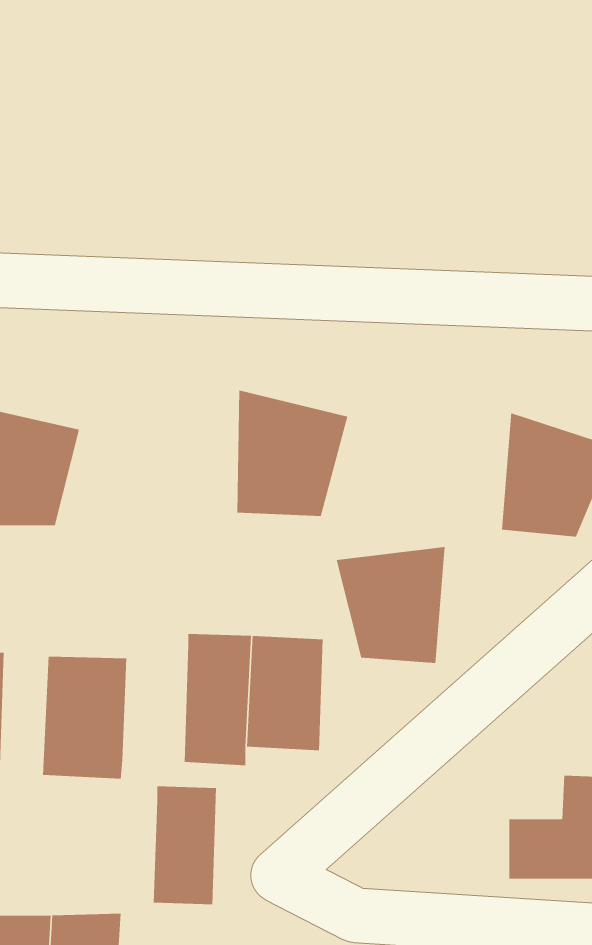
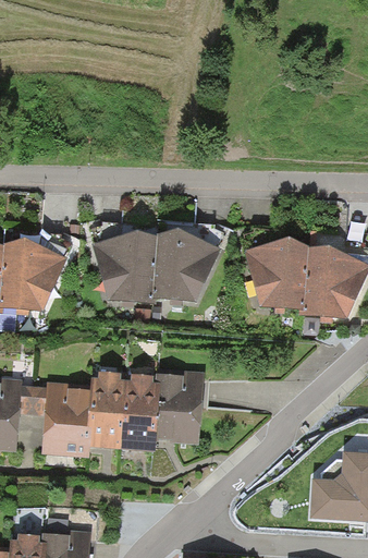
building: none -> [91,230,156,301]
building: [336,547,445,664] -> [249,243,312,311]
building: [153,786,217,905] -> [89,376,126,445]

